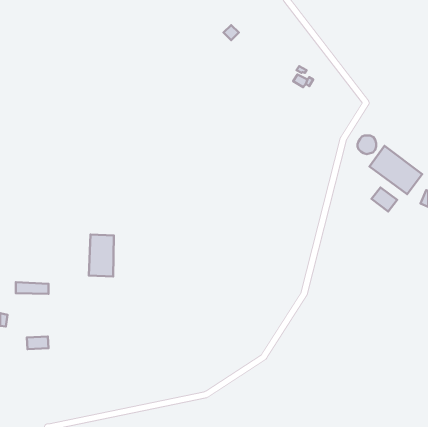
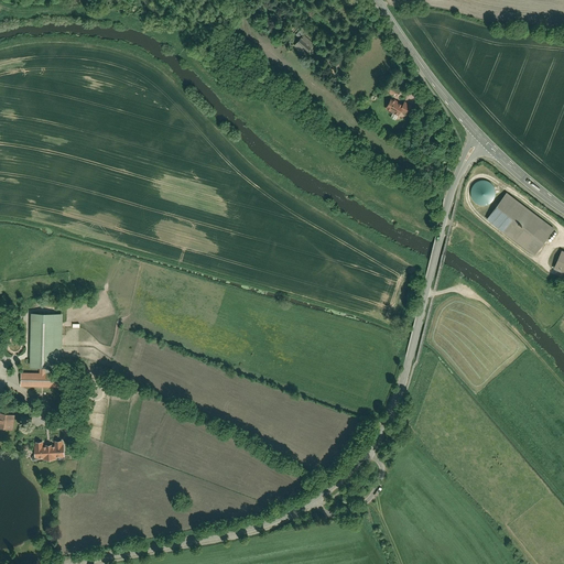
building: [371,187,397,211] -> none
building: [89,235,114,276] -> [29,313,62,368]

